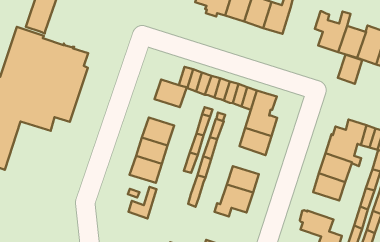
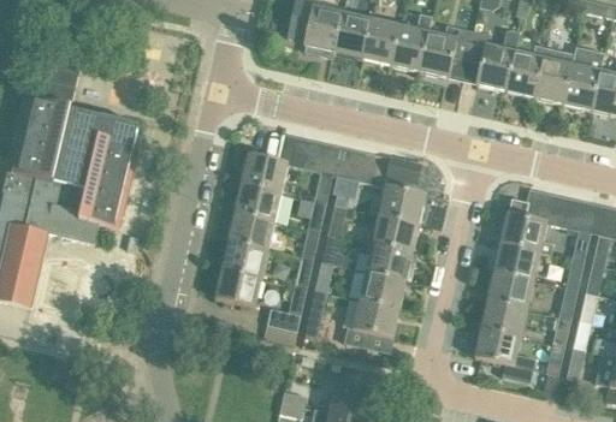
building: none -> [421,24,474,76]
building: [338,54,362,84] -> none
building: none -> [236,183,280,219]
building: none -> [366,240,413,279]
building: [128,187,157,219] -> [267,284,306,331]
building: none -> [481,298,527,335]

